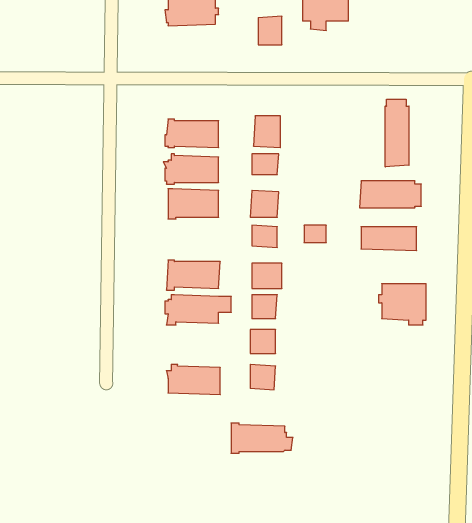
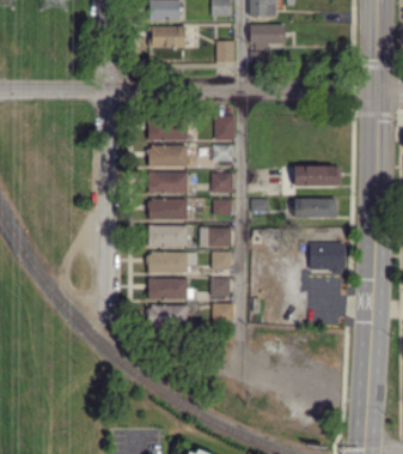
building: [385,99,409,167] -> none
building: none -> [148,198,189,220]
building: [231,423,293,453] -> [148,278,195,301]

